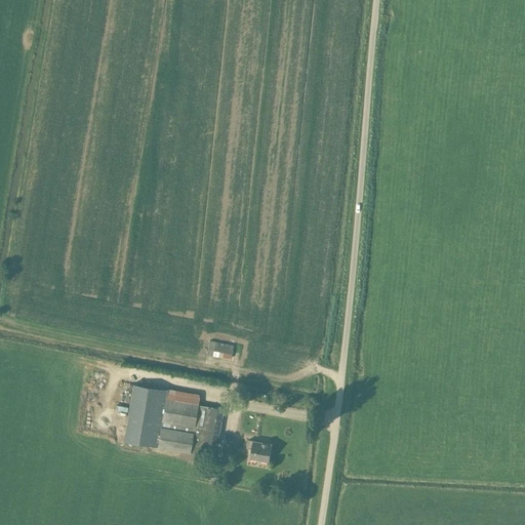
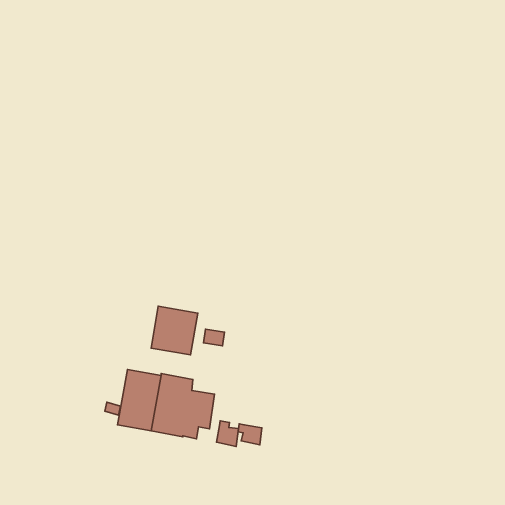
building: none -> [151,306,198,355]
building: none -> [217,421,239,446]

